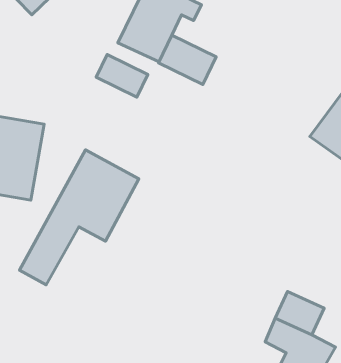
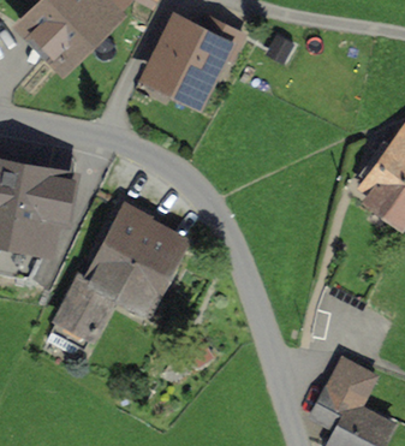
building: [159,35,216,85] -> none
building: [96,54,148,97] -> none

